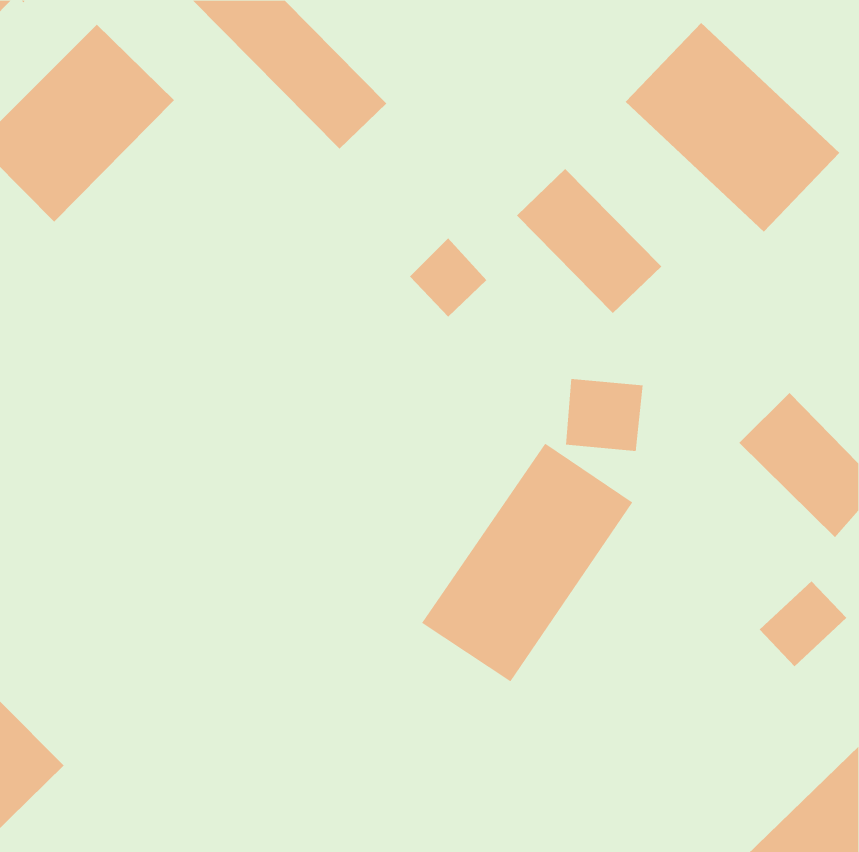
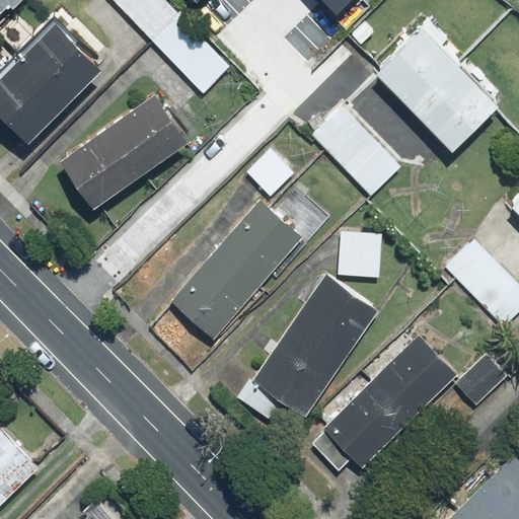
building: none -> [62,93,191,208]
building: none -> [164,201,301,347]
building: none -> [322,336,456,468]

